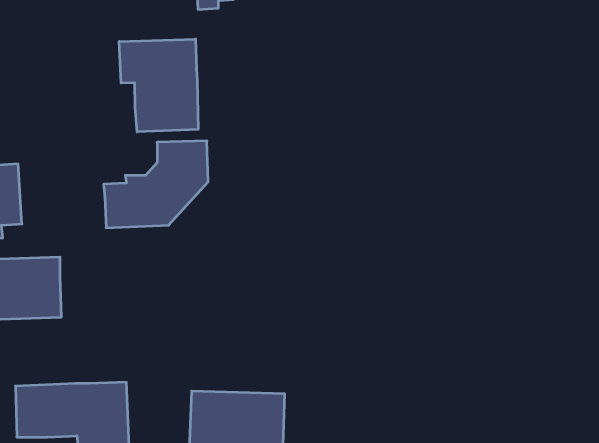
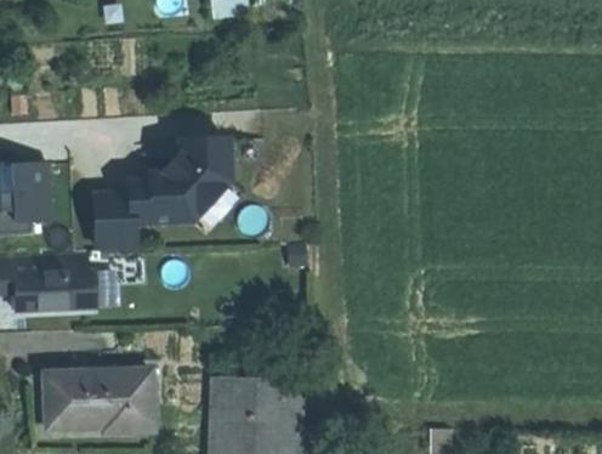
building: [119,39,198,132] -> none
building: none -> [95,194,132,249]

